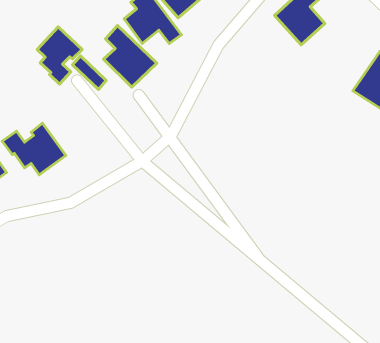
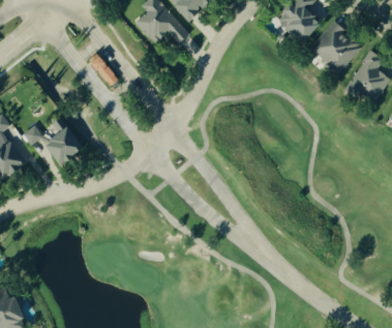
building: none -> [308,20,364,76]
building: [104,26,157,87] -> none
building: [37,27,82,84] -> none

